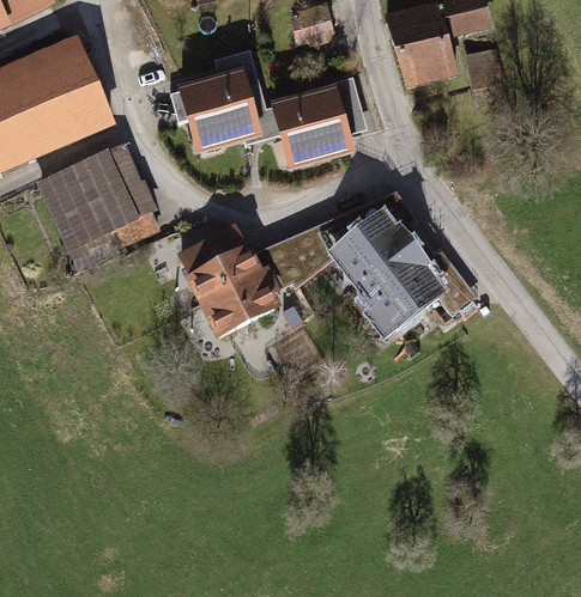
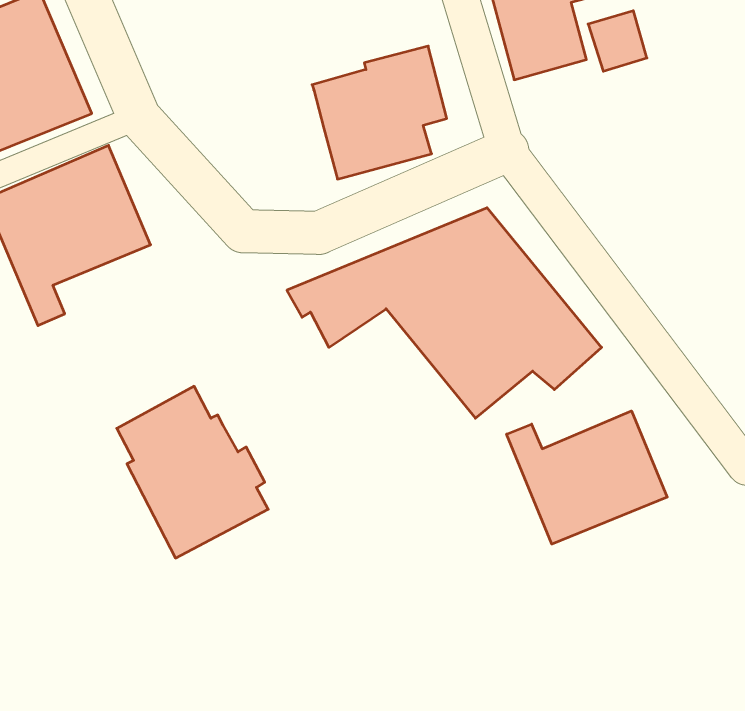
building: [169,49,278,154] -> none
building: [176,221,284,343] -> [117,386,268,558]
building: none -> [507,411,667,544]

